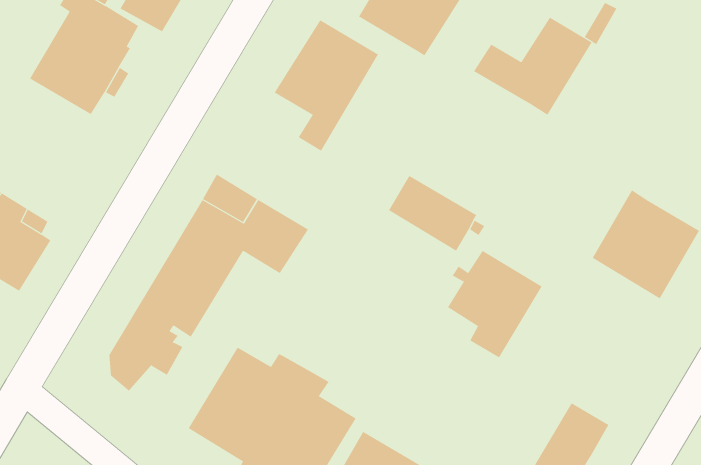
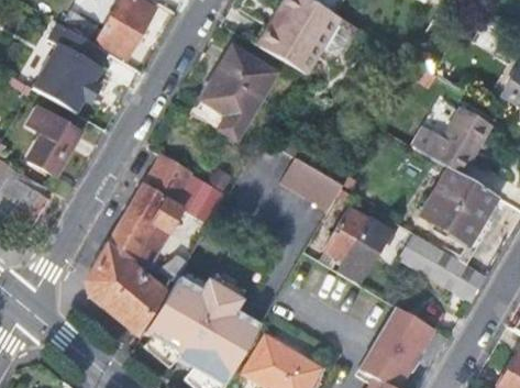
building: [473,17,592,116] -> [409,106,491,174]
building: none -> [25,108,79,176]
building: none -> [396,233,484,303]
building: none -> [101,275,165,332]

